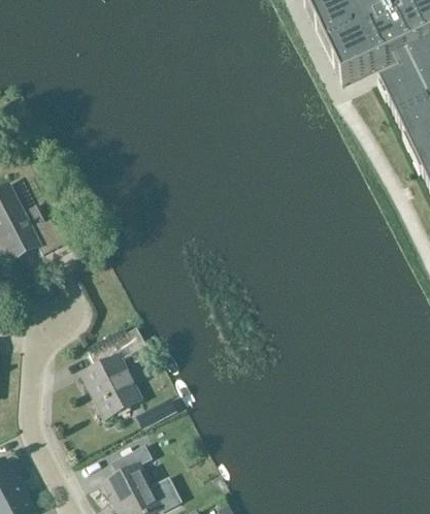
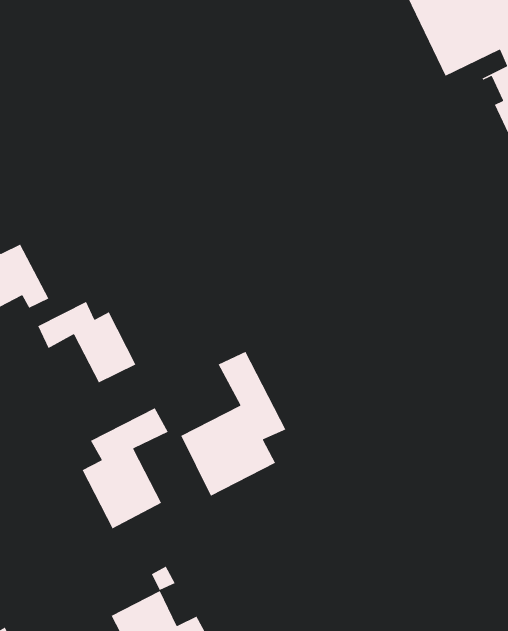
building: none -> [37,301,137,384]
building: none -> [180,351,286,497]

